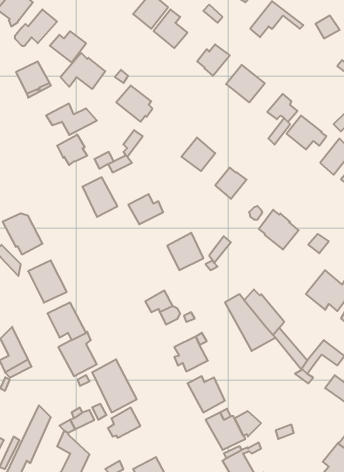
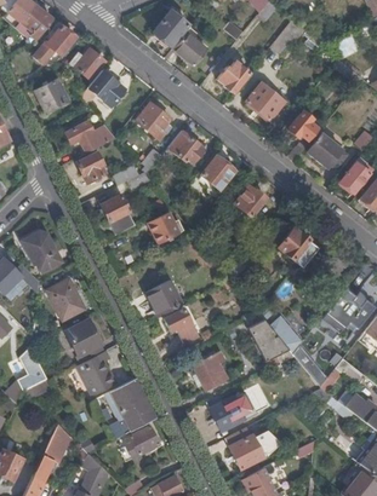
building: none -> [166,129,204,163]
building: [167,233,203,270] -> [145,279,182,317]

